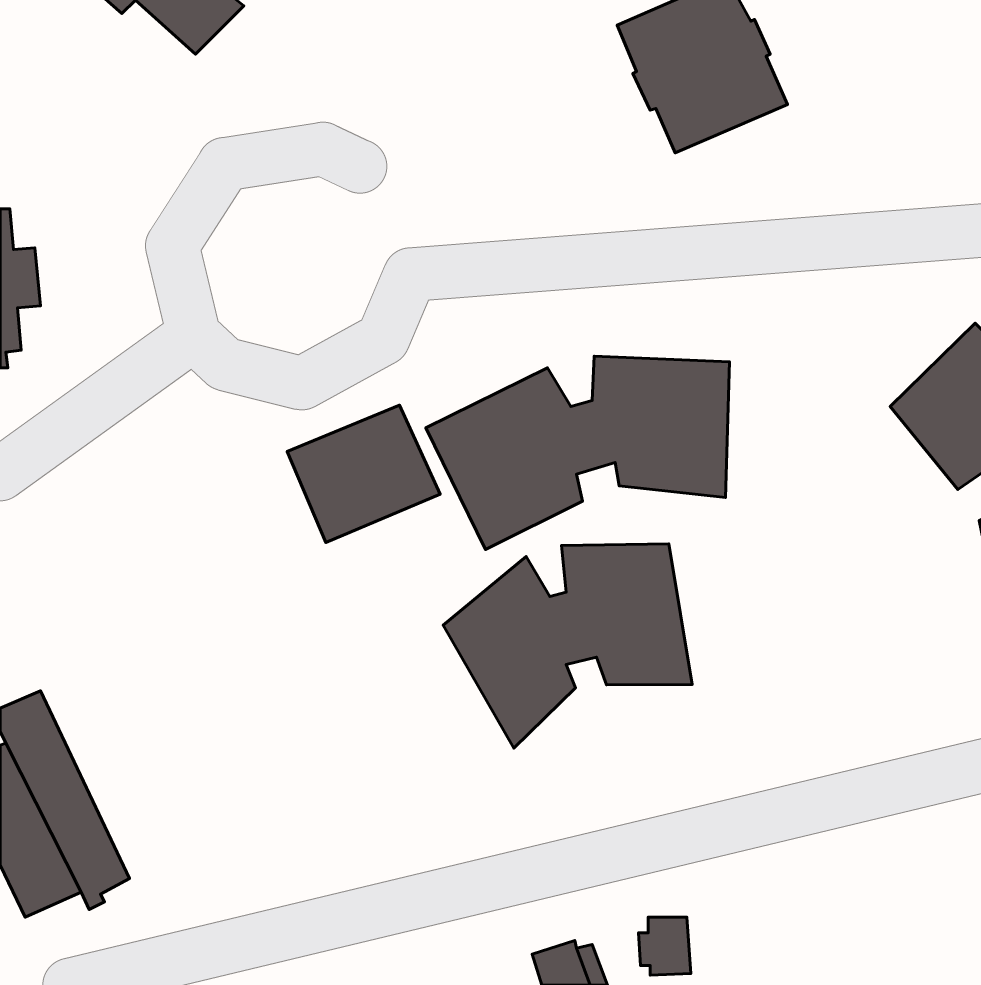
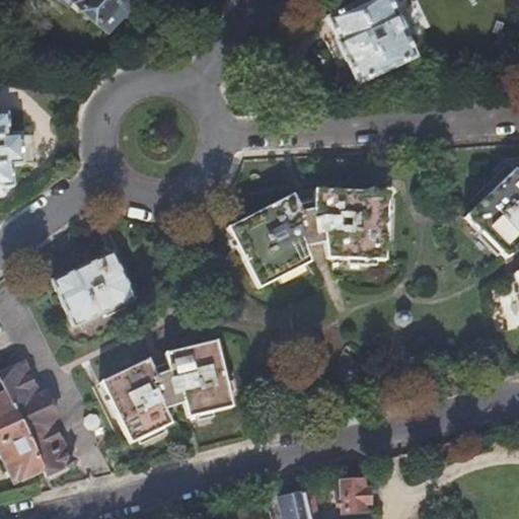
building: [287,405,440,542] -> [55,253,135,325]
building: [443,544,692,748] -> none
building: none -> [104,340,232,441]

